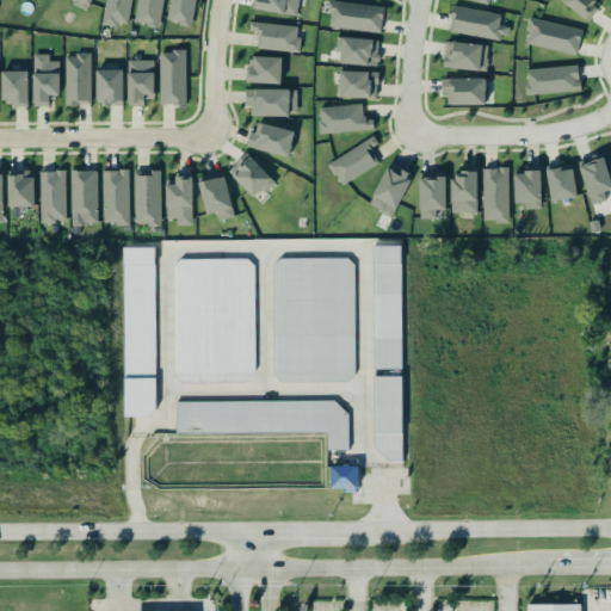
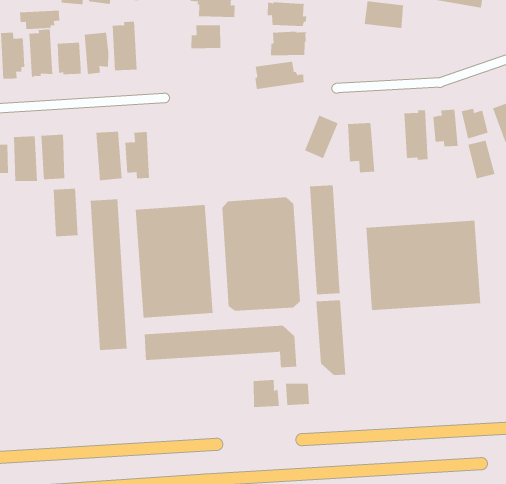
building: none -> [19,10,60,30]
building: [526,66,582,94] -> none
building: [443,76,486,103] -> none
building: [246,87,297,116] -> none
building: [247,122,296,158] -> none
building: [327,132,383,186] -> none
building: [228,152,276,196] -> none
building: [451,168,477,212] -> none
building: [104,171,130,224] -> [53,188,79,237]
building: [200,177,235,221] -> none
building: none -> [468,140,495,179]
building: none -> [366,220,481,311]
building: none -> [253,379,279,408]

